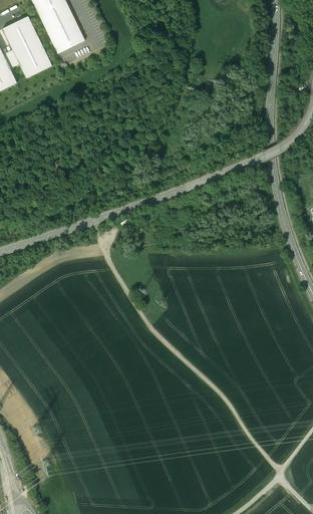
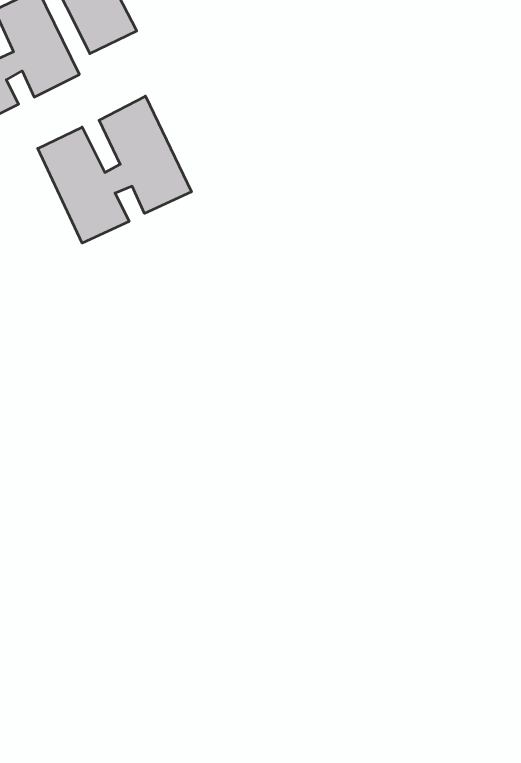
building: none -> [38,96,191,243]

